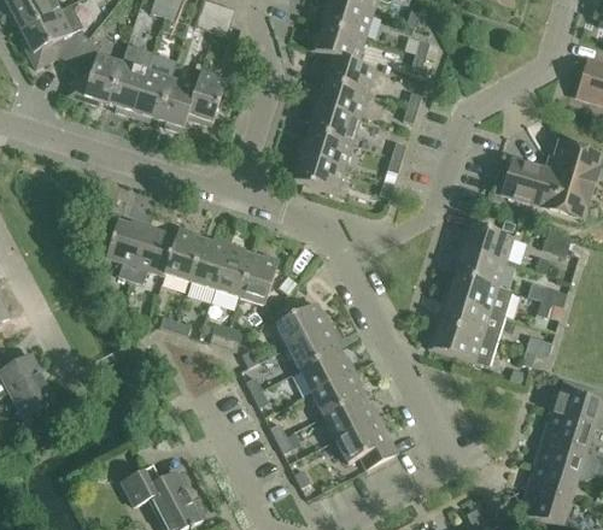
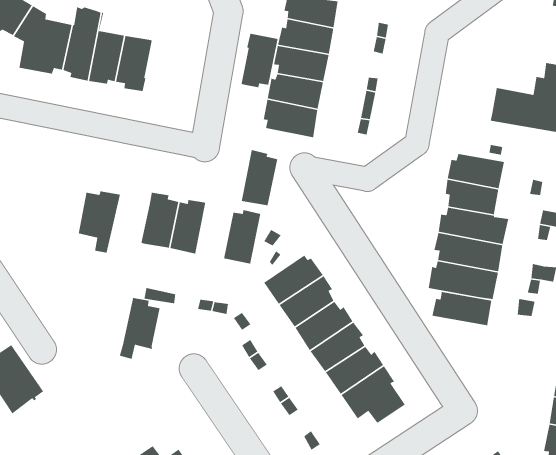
building: [186,69,227,122] -> [241,33,279,88]
building: [130,224,175,283] -> [119,297,161,360]
building: [213,241,253,296] -> [241,149,278,206]
building: none -> [432,291,492,326]

